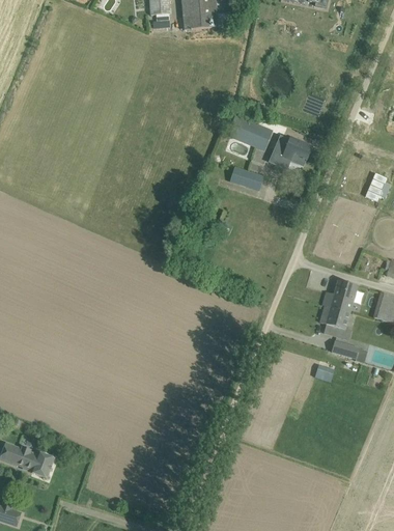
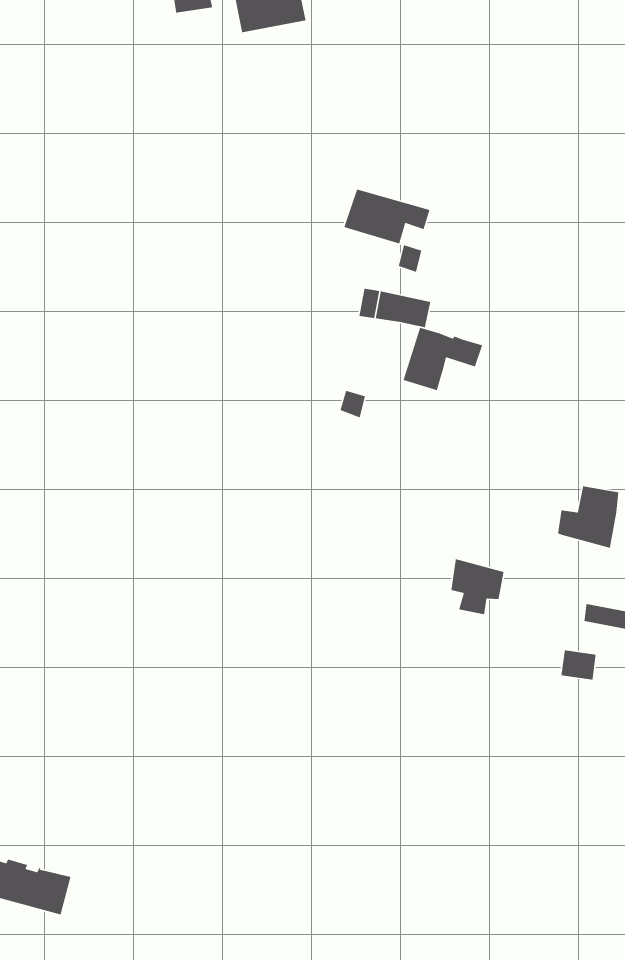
building: [269,135,312,169] -> [403,327,483,391]
building: [320,305,349,336] -> [450,558,505,615]

